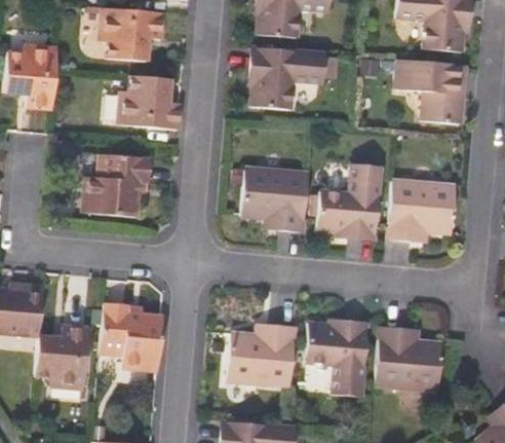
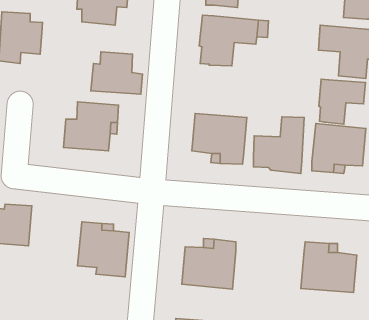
building: none -> [319,79,366,124]
building: [305,319,368,392] -> none
building: [35,320,89,383] -> none

